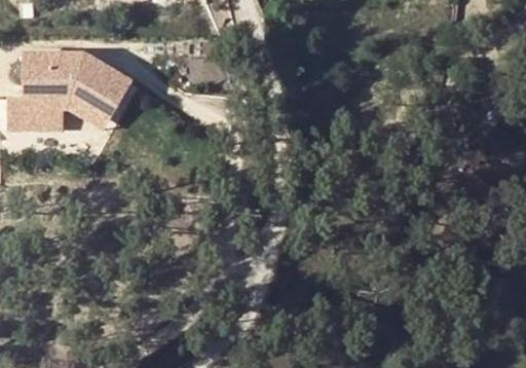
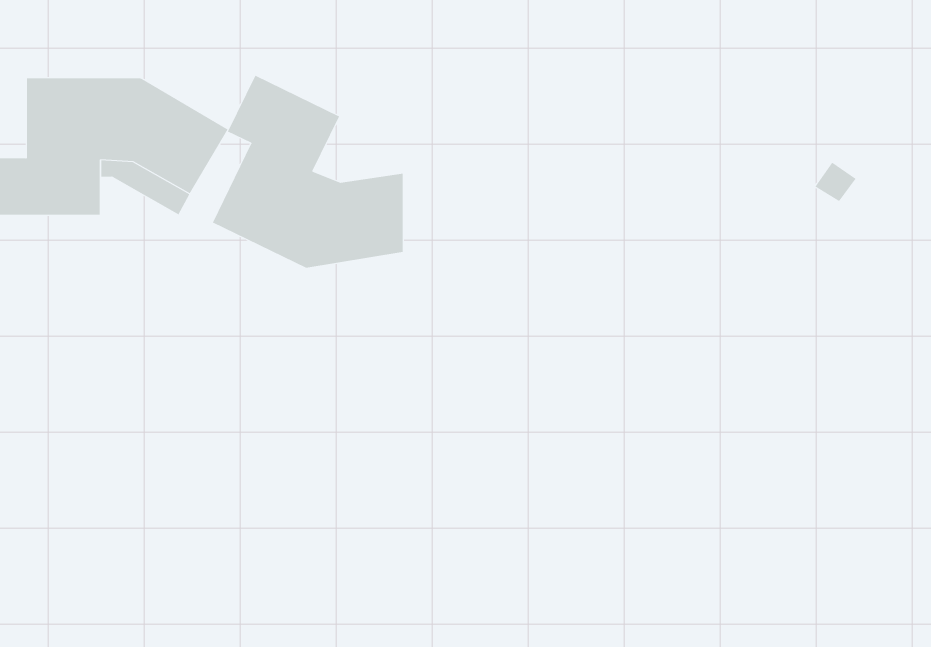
building: none -> [212,75,403,269]

